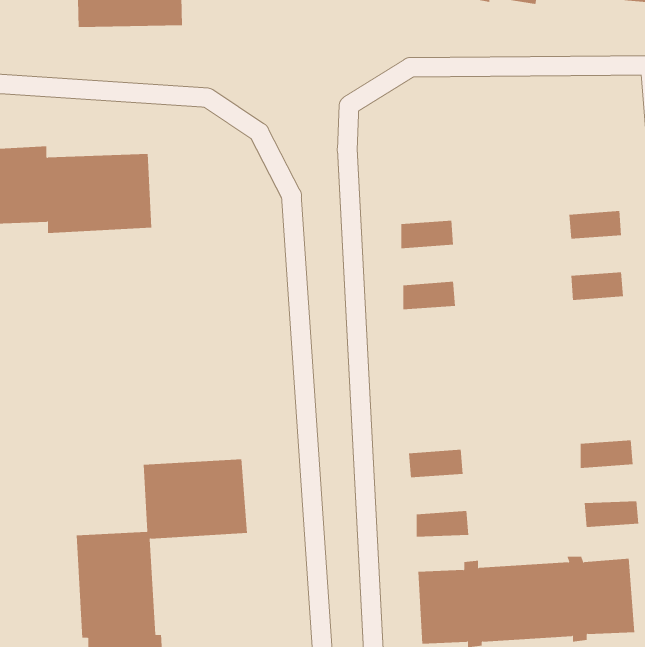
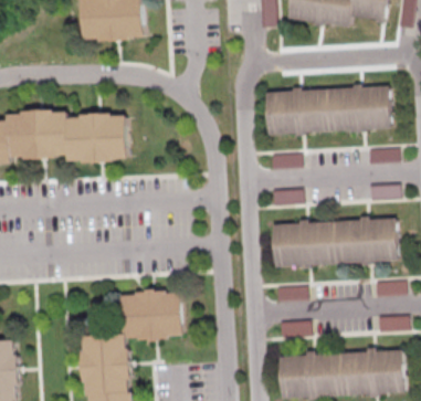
building: none -> [265,84,391,137]
building: none -> [272,215,398,268]

